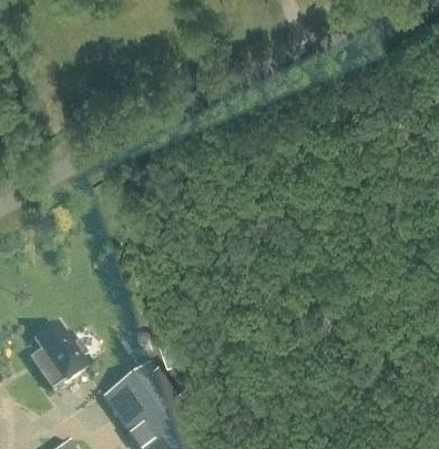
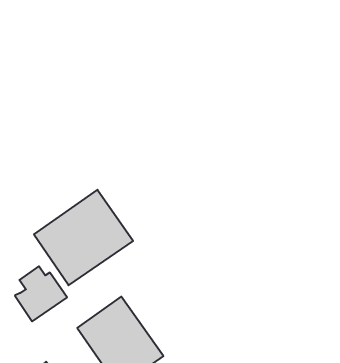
building: none -> [34,190,133,285]

